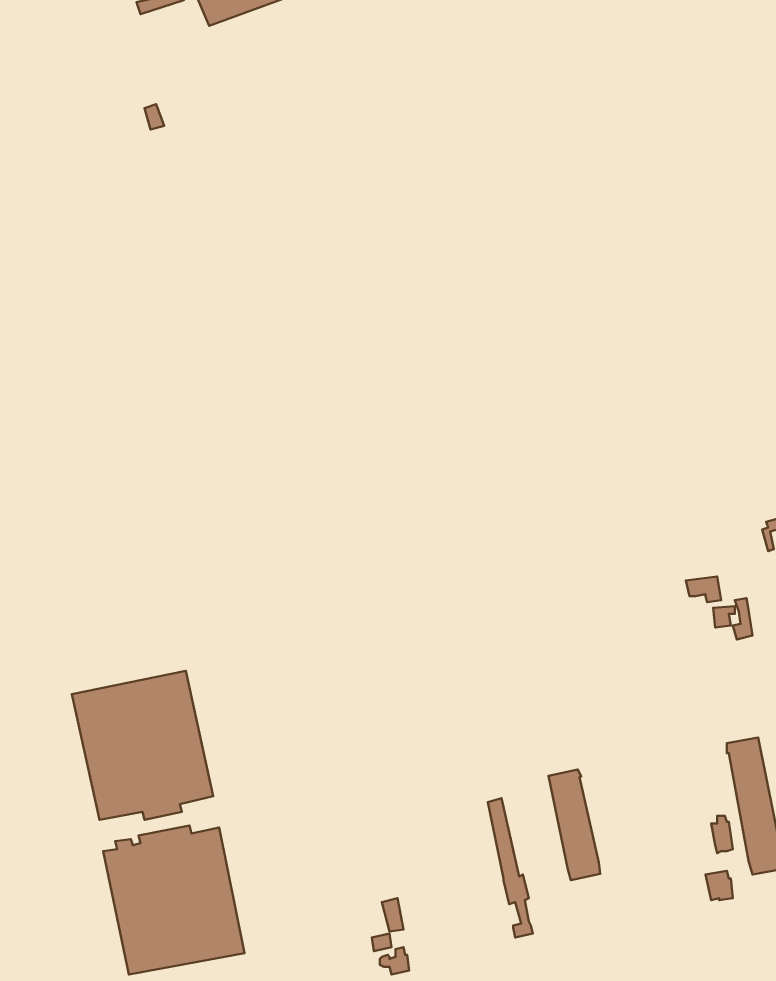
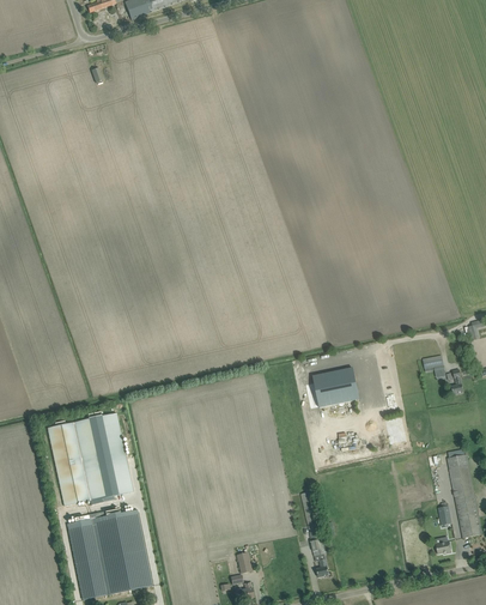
building: none -> [311,367,358,407]
building: [548,769,600,880] -> none

